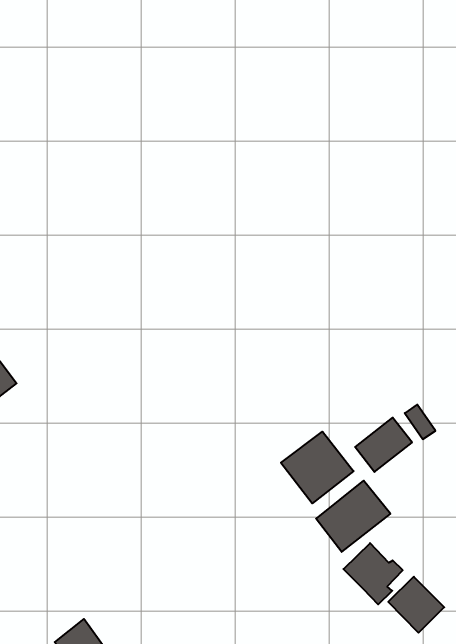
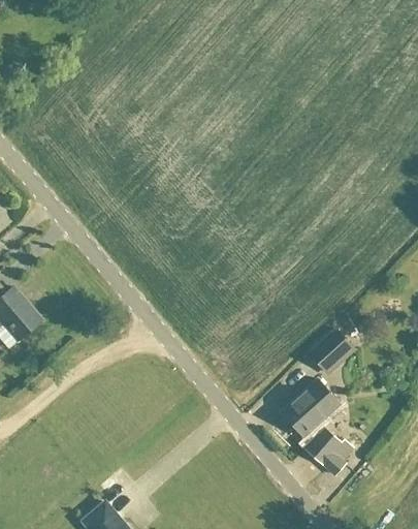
building: [281,432,354,503] -> none
building: [388,577,444,633] -> none

